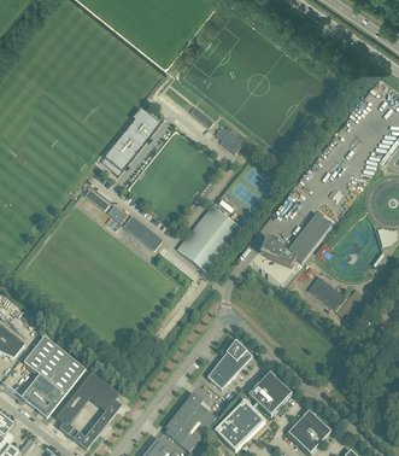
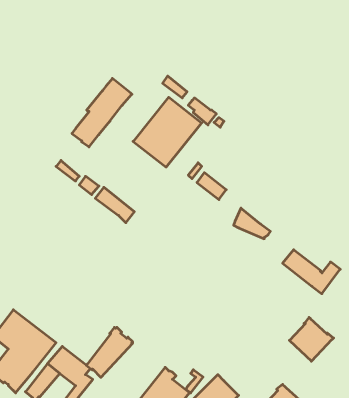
building: [176,205,243,274] -> [133,97,202,167]
building: [286,212,330,263] -> none
building: [206,340,252,390] -> [86,327,133,377]
building: [248,372,292,415] -> [289,317,334,361]

